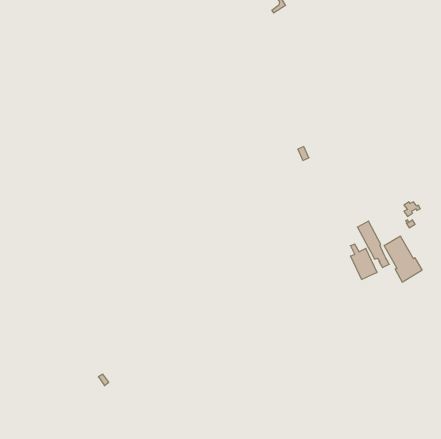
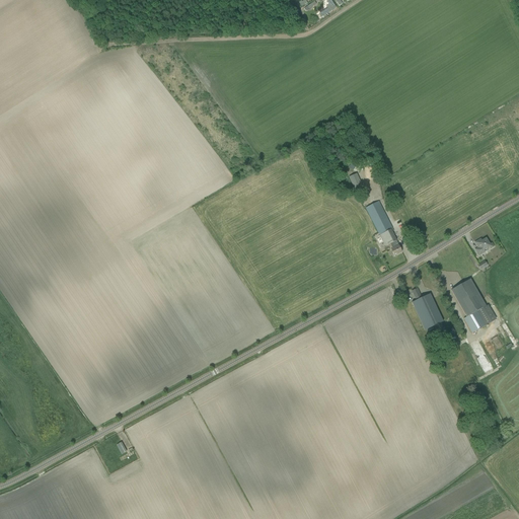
building: [357,221,389,268] -> [365,200,402,254]

